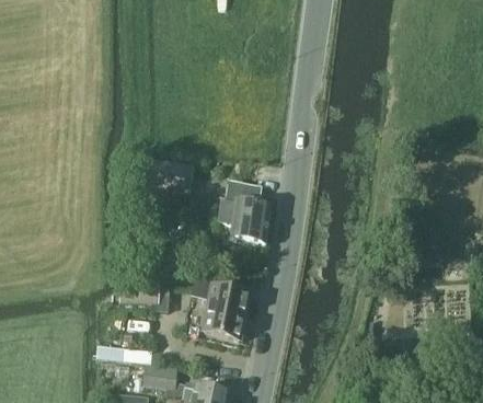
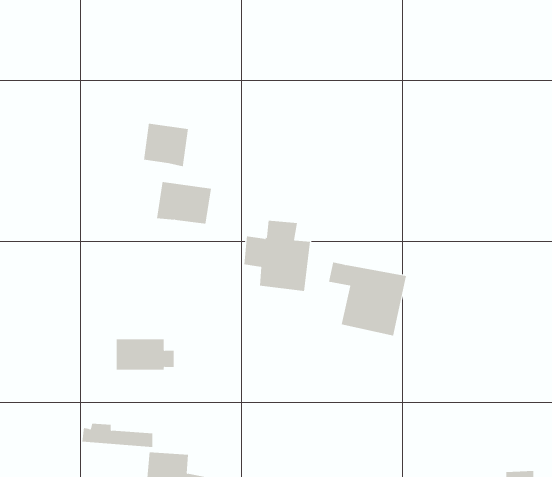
building: none -> [144,123,188,167]
building: [189,281,250,338] -> [328,262,407,336]

